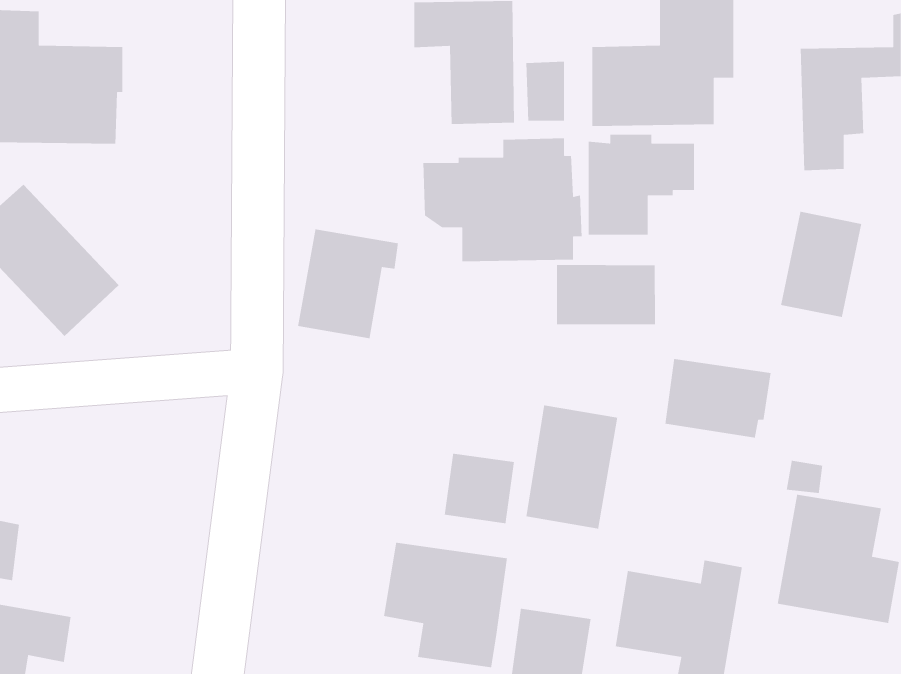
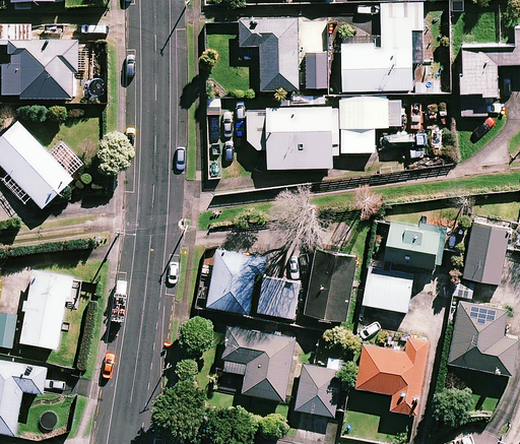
building: [780,211,862,318] -> [462,223,509,283]
building: [297,229,399,339] -> [206,250,264,313]
building: [556,264,656,325] -> none
building: none -> [362,267,412,311]
building: none -> [19,272,71,351]

